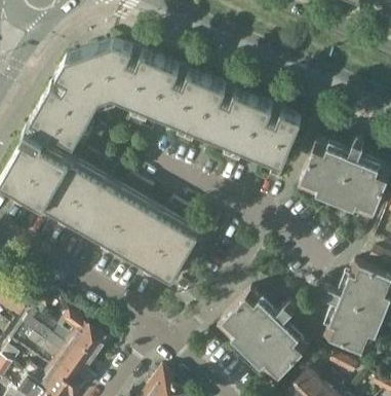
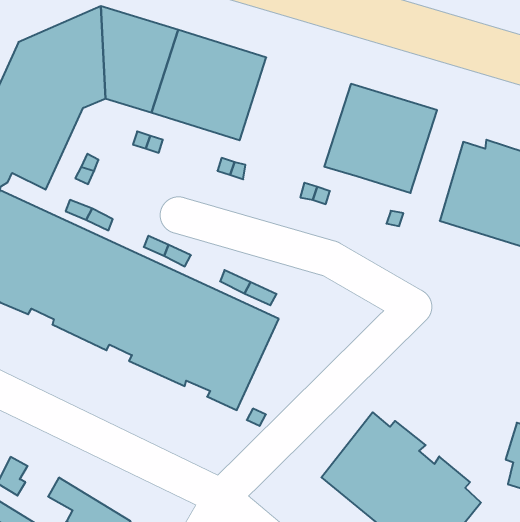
building: [188,82,255,148] -> none

